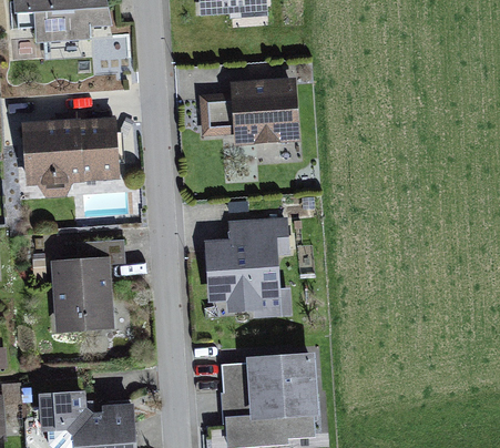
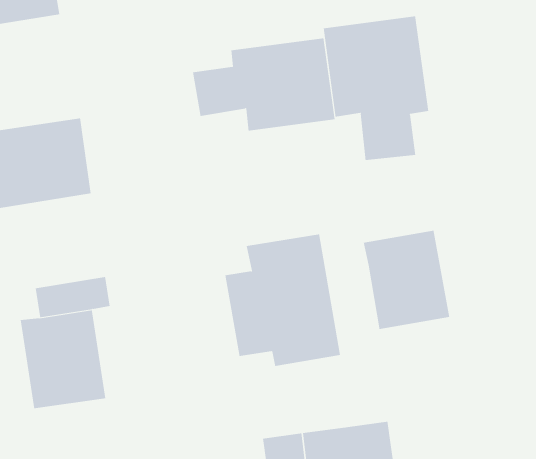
building: none -> [323,15,429,161]
building: none -> [363,230,450,330]

